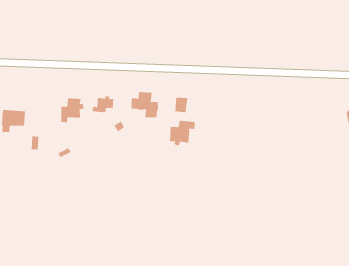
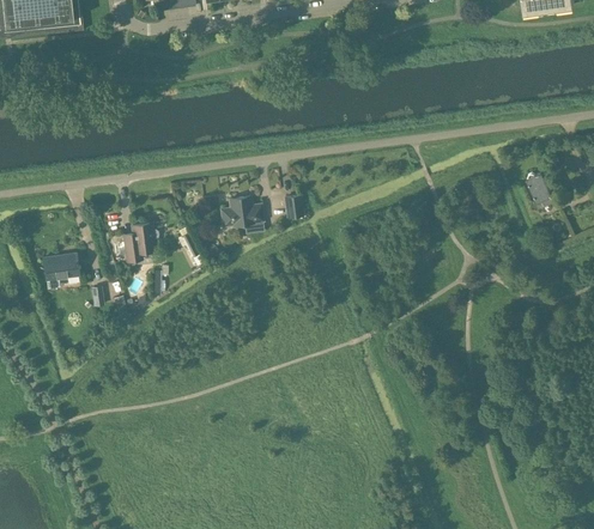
building: [92,95,114,113] -> none
building: [169,120,195,146] -> none

